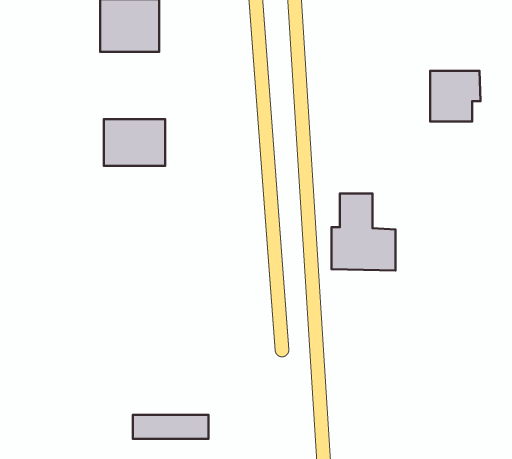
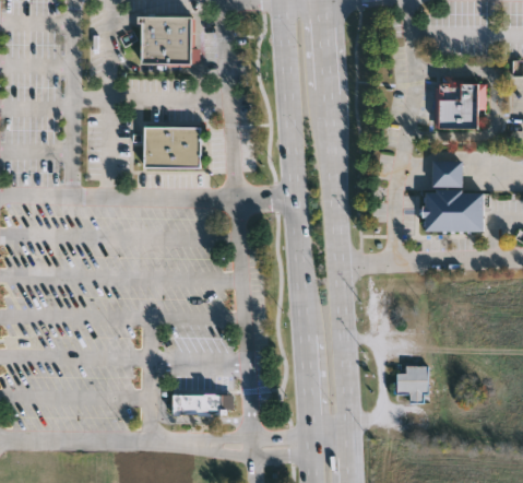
building: [332,193,395,270] -> [423,162,480,232]
building: none -> [395,367,427,404]

